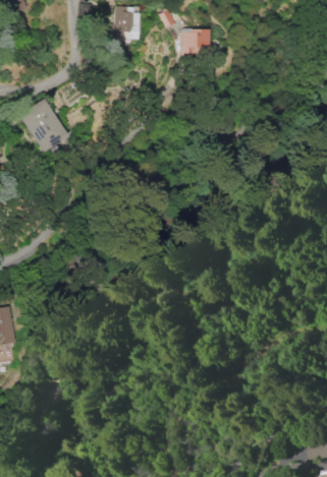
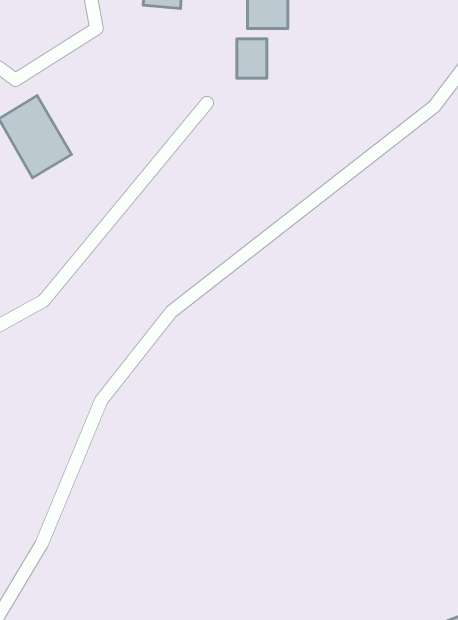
building: none -> [237,39,267,78]

